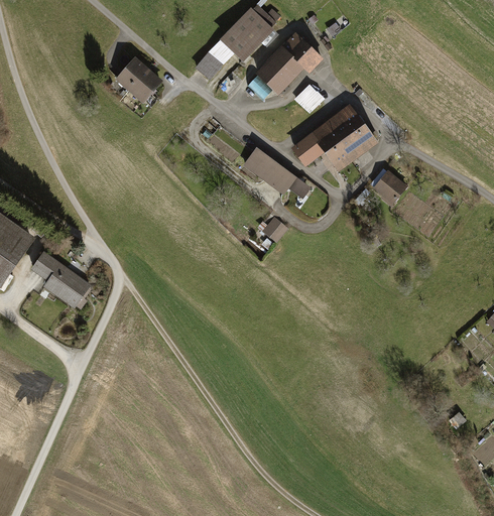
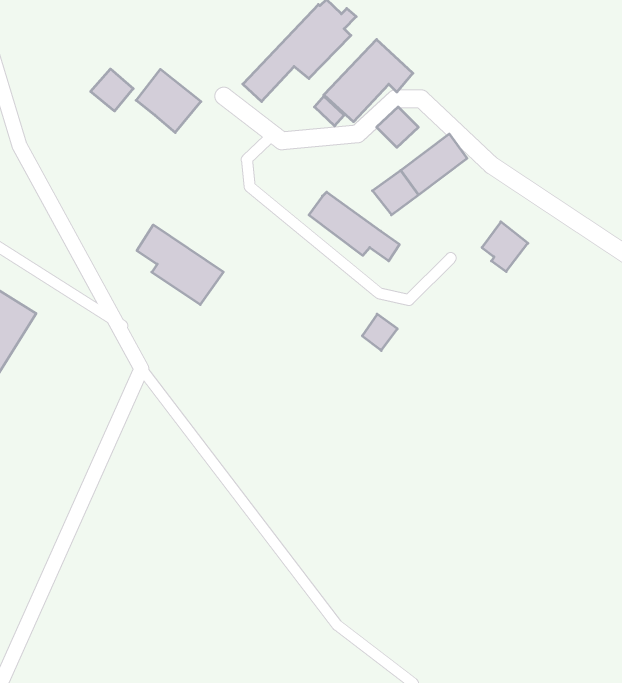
building: none -> [91,69,133,111]
building: [325,122,375,168] -> none
building: [262,216,288,243] -> [362,314,397,351]
building: [30,249,95,308] -> [137,225,223,305]

